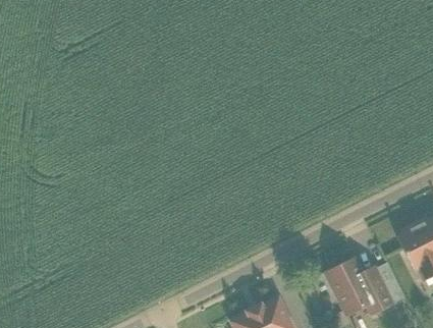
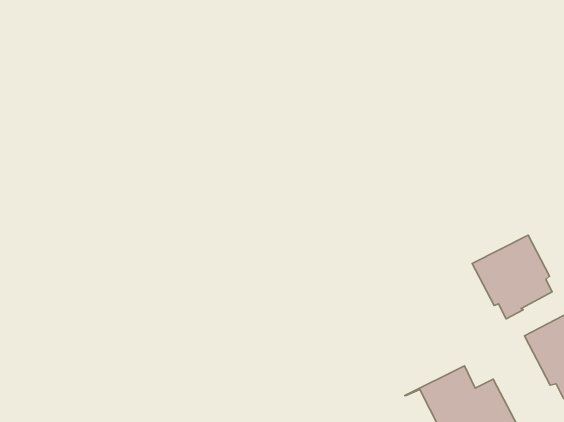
building: none -> [472,235,552,319]

